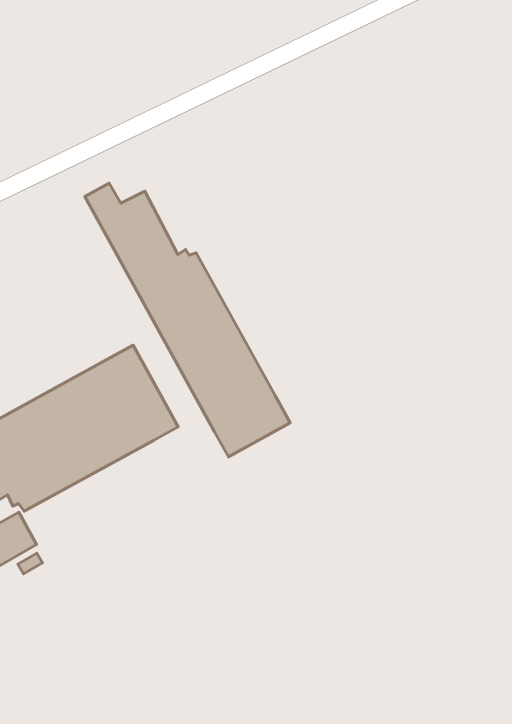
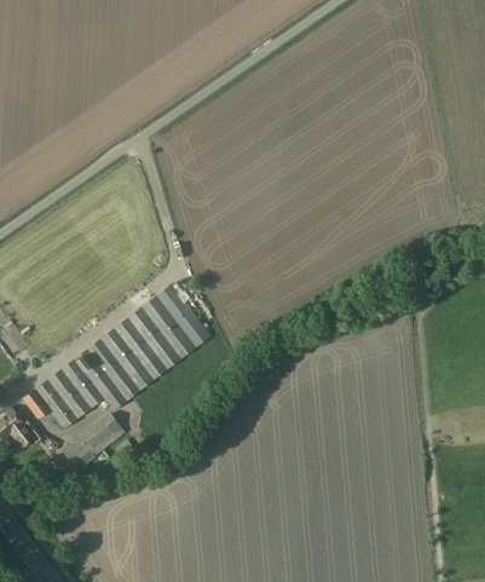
building: [85,183,290,457] -> none

